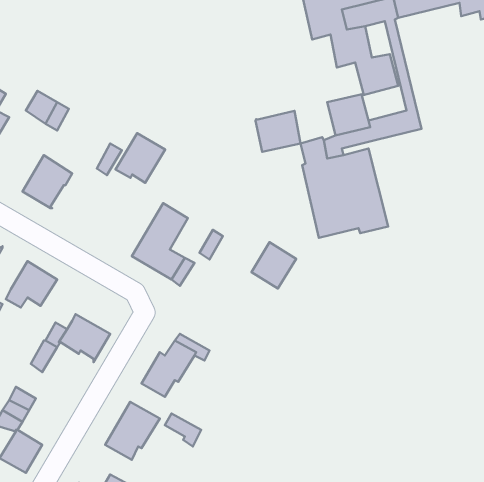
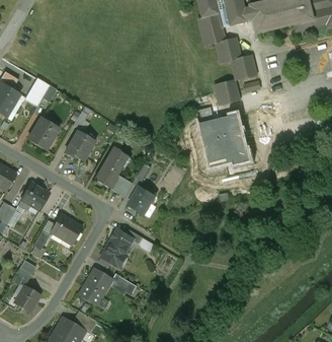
building: [255,111,301,152] -> none
building: [116,133,165,183] -> [63,131,93,161]
building: [251,242,296,289] -> [127,187,154,215]

